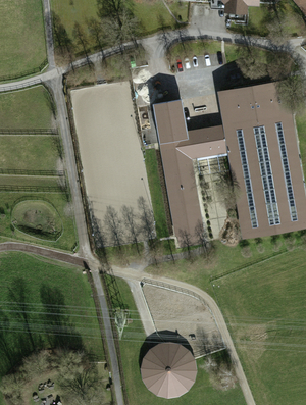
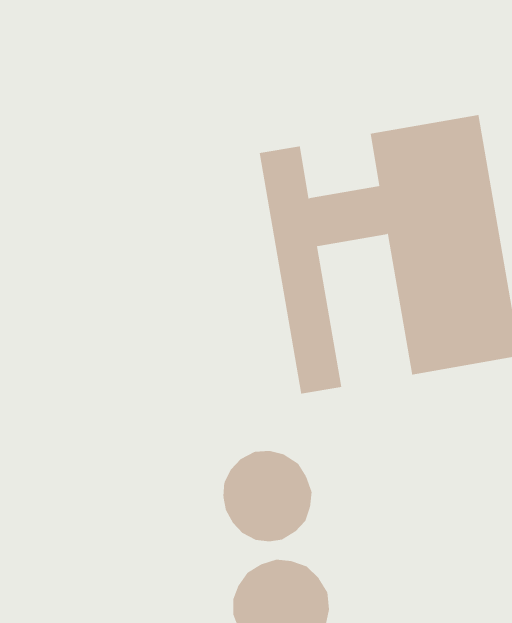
building: none -> [223,450,312,542]

